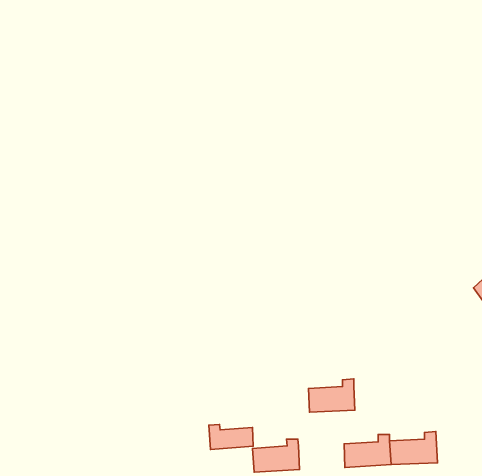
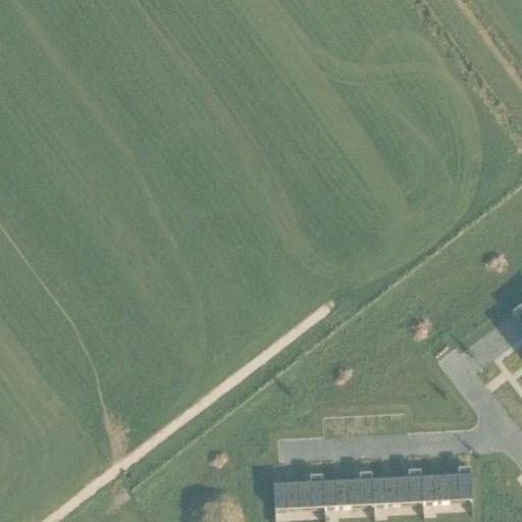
building: [309,379,355,412] -> [323,470,373,506]
building: [209,425,253,450] -> none

